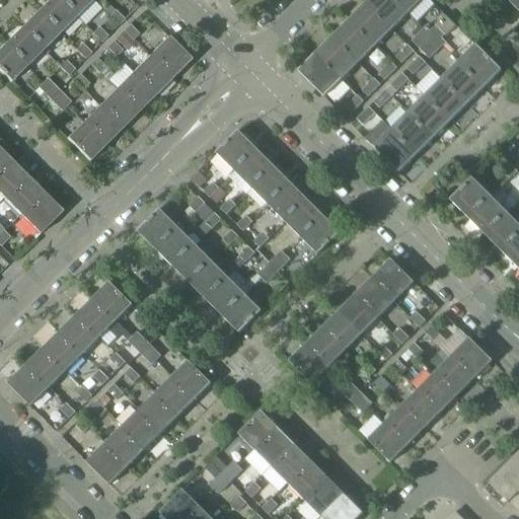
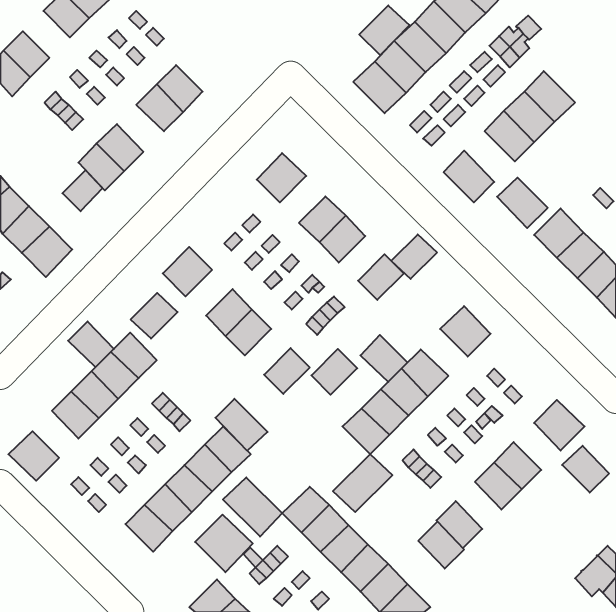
building: none -> [359,5,410,55]
building: [19,9,59,49] -> none
building: [148,34,191,77] -> none
building: [457,43,501,86] -> none
building: [98,88,138,128] -> none
building: [390,110,433,153] -> [497,178,548,228]
building: none -> [62,170,103,211]
building: [235,148,274,188] -> none
building: [285,199,323,236] -> [391,234,437,279]
building: [156,227,196,266] -> [131,293,178,339]
building: none -> [68,321,114,367]
building: [206,277,244,315] -> [311,349,357,395]
building: [354,277,393,316] -> [360,335,407,382]
building: none -> [215,399,268,451]
building: [27,346,66,385] -> none
building: [432,356,471,395] -> [562,446,609,493]
building: none -> [333,454,392,512]
building: none -> [223,477,282,537]
building: [383,405,422,445] -> [418,522,464,569]
building: none -> [195,515,253,572]
building: [86,441,129,484] -> none

